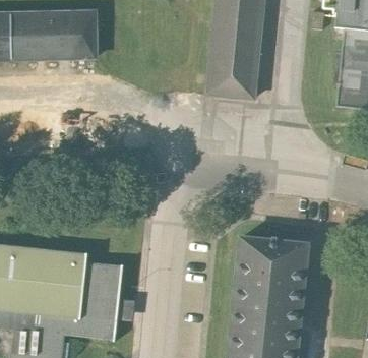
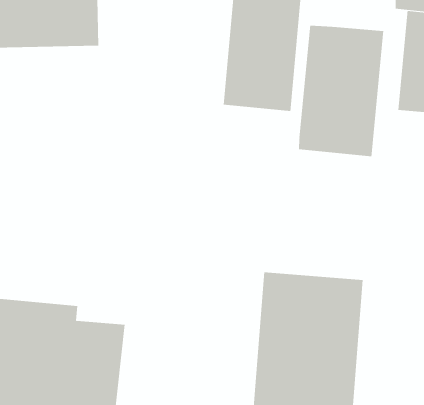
building: none -> [298,25,384,157]

